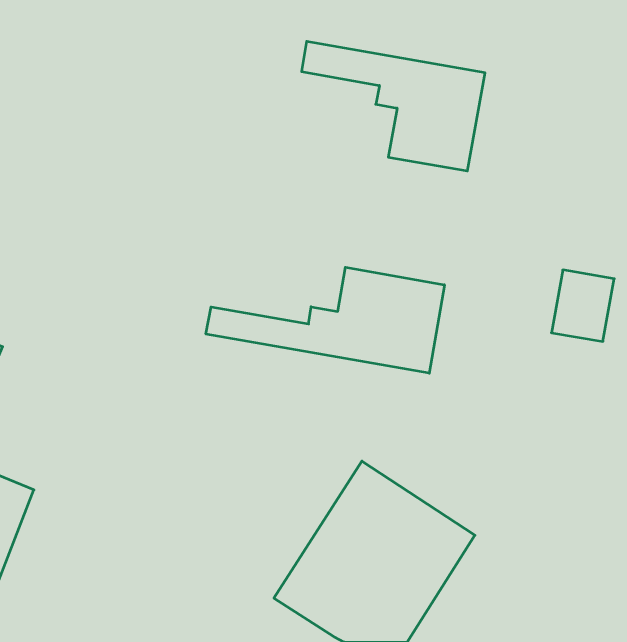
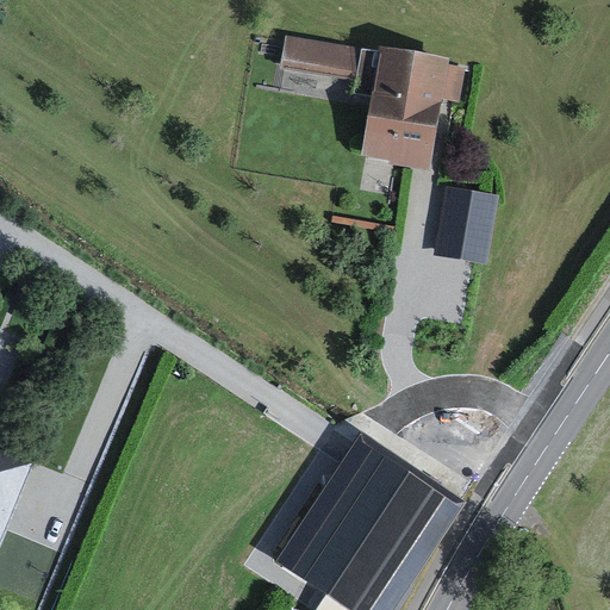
building: [206,267,444,373] -> none
building: [551,270,614,341] -> [437,187,497,255]

